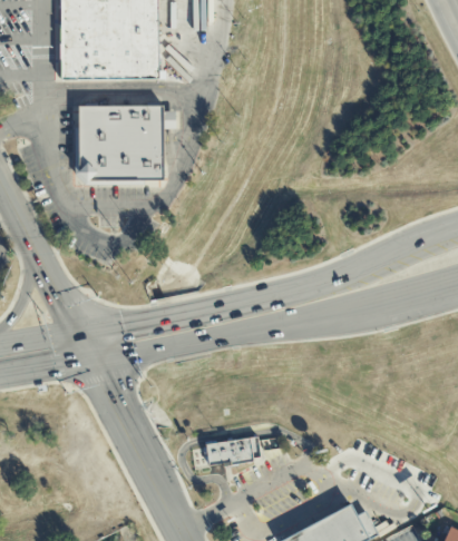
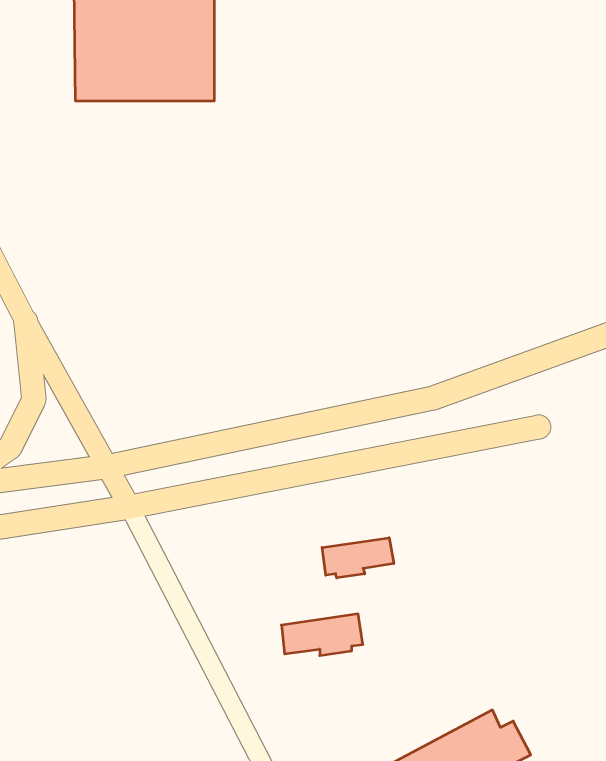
building: [78,105,162,180] -> none
building: none -> [322,538,394,578]

